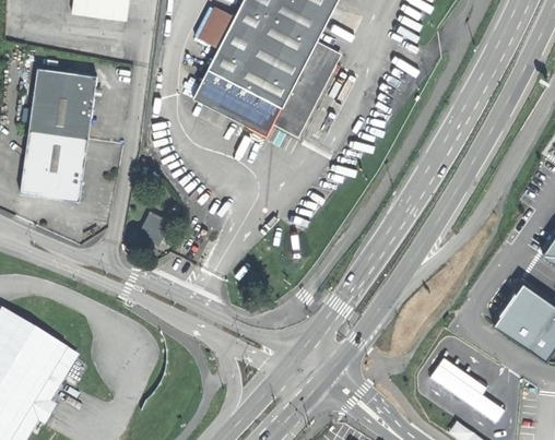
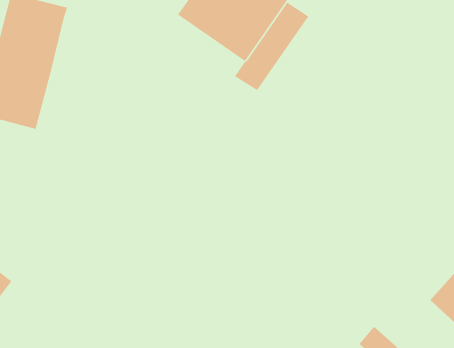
building: [191,69,281,134] -> none
building: [137,212,169,246] -> none

